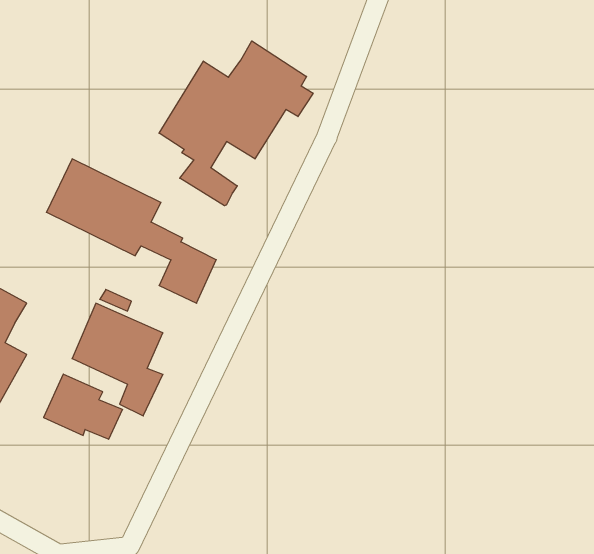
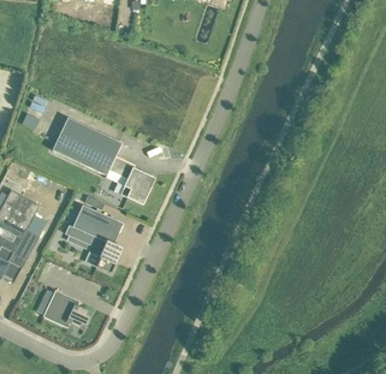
building: [159,41,313,206] -> none
building: [44,374,123,439] -> [42,290,90,330]

